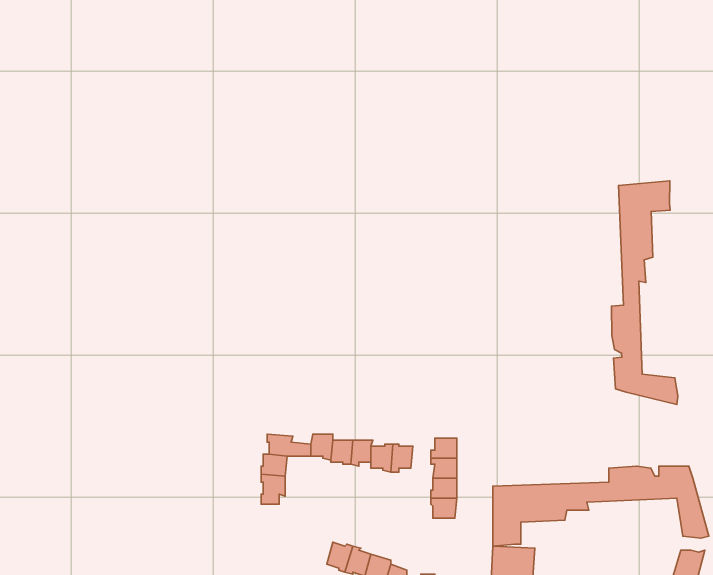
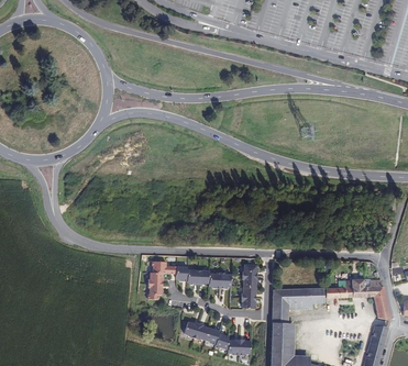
building: [611,181,678,405] -> none

